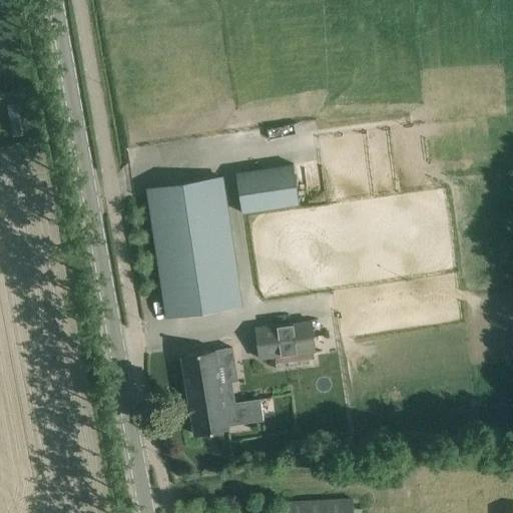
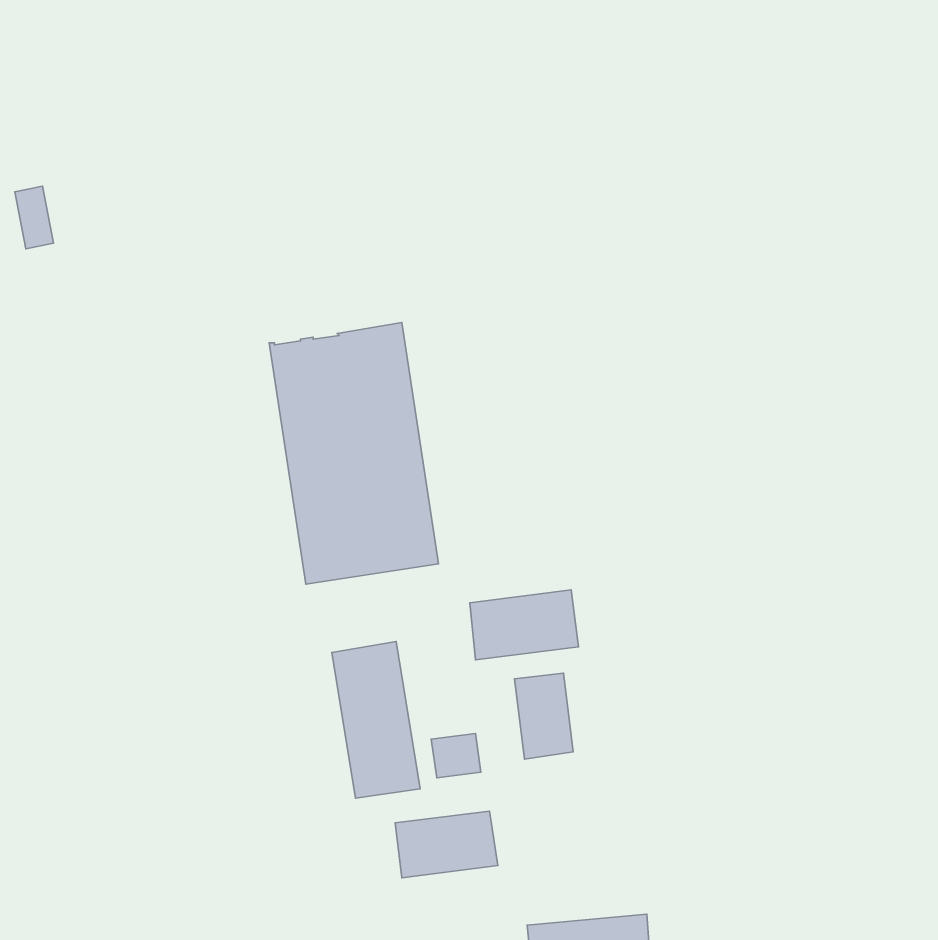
building: [237,164,301,213] -> none
building: none -> [514,673,573,759]
building: none -> [395,811,498,878]

